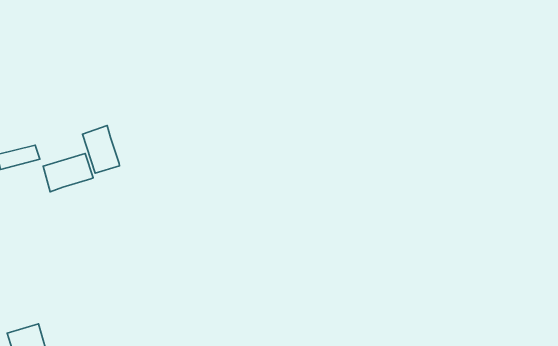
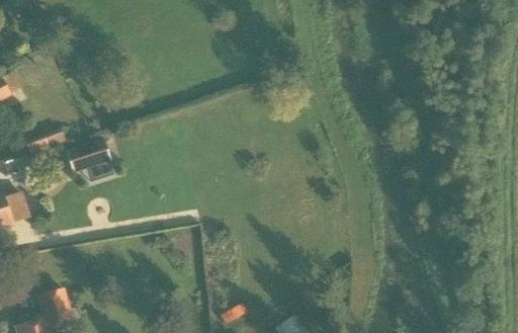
building: [83,125,120,173] -> none

